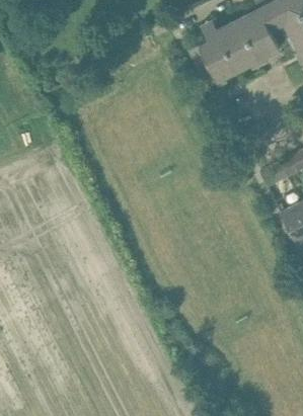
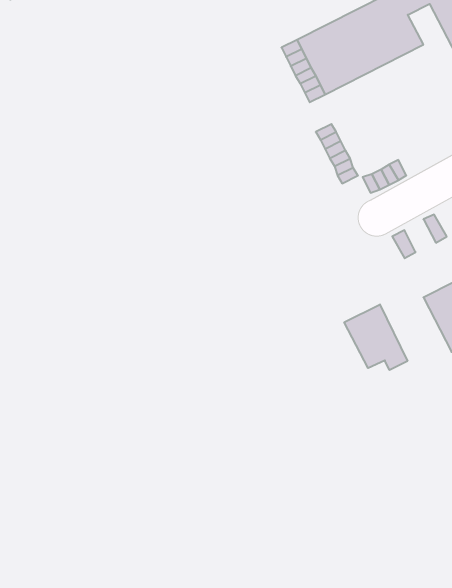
building: none -> [344,304,407,370]

